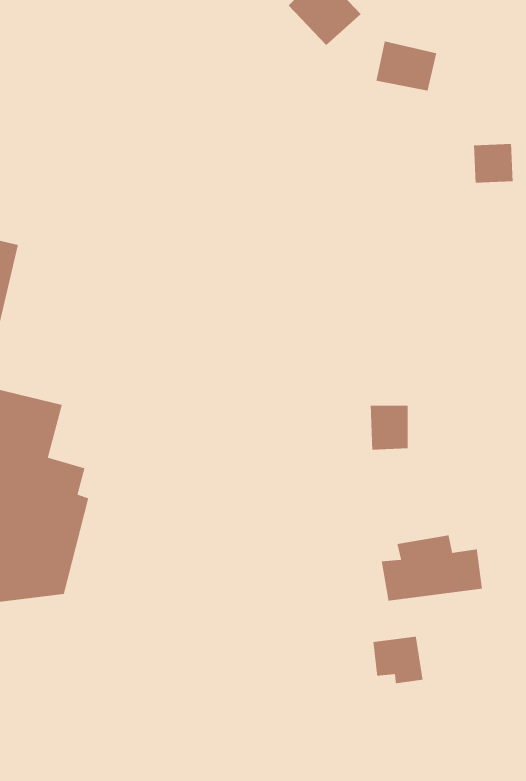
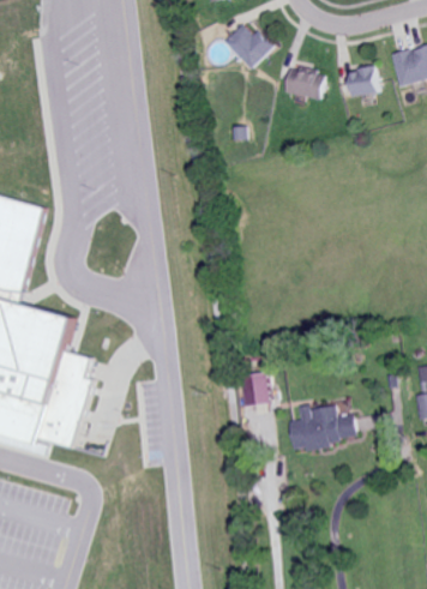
building: [473,143,514,184] -> [348,68,375,96]
building: [370,405,409,450] -> [240,373,266,404]
building: [373,636,423,684] -> none

